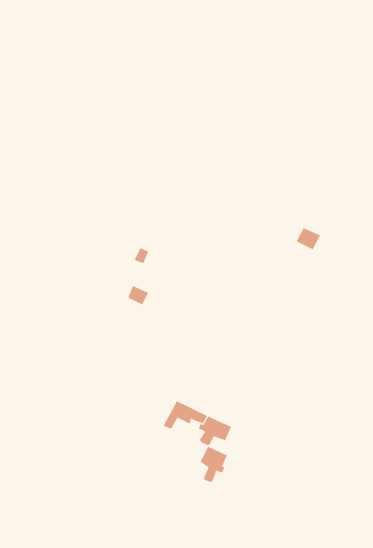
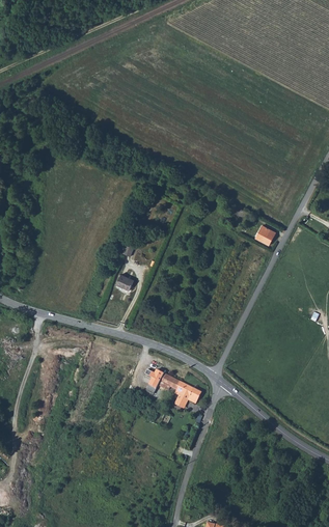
building: [200,446,227,483] -> none

